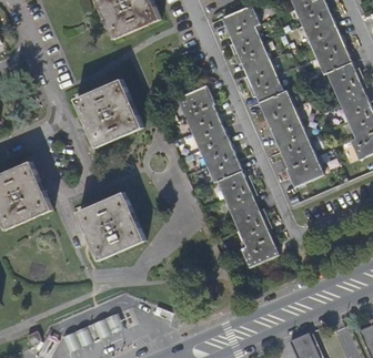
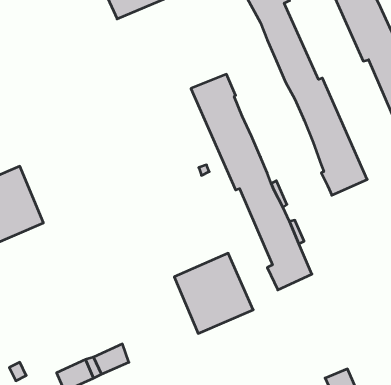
building: [74,79,142,149] -> none
building: [80,193,147,260] -> [174,253,253,333]

